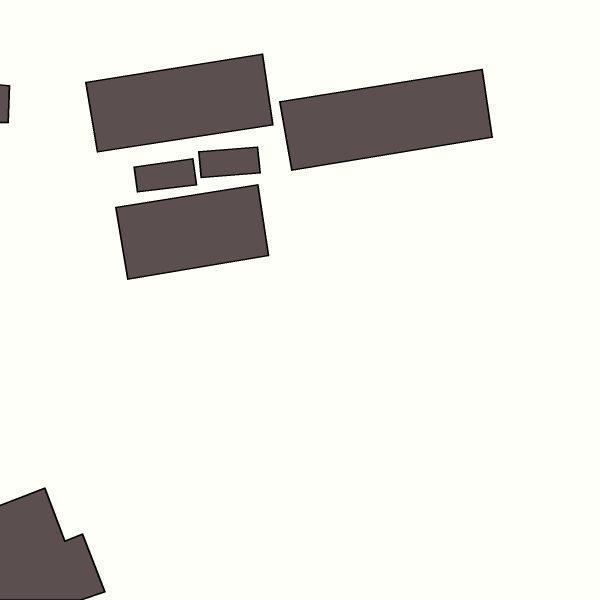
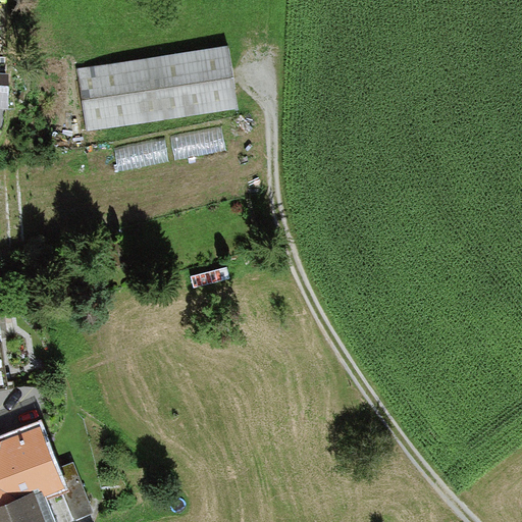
building: [280,69,492,170] -> none
building: [116,185,268,279] -> none

